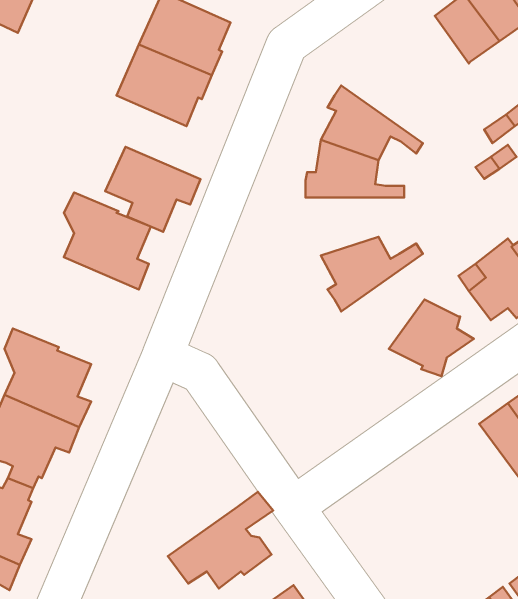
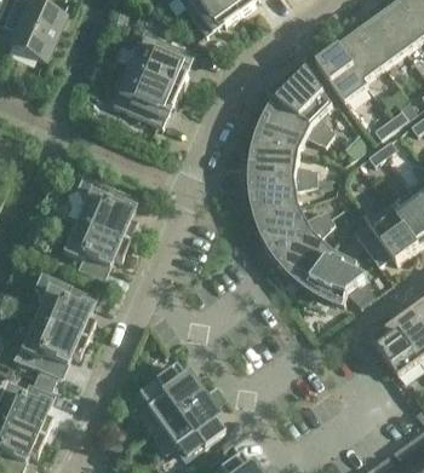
building: none -> [315,46,367,100]
building: none -> [271,68,334,137]
building: [105,147,200,232] -> [59,218,127,278]
building: none -> [246,175,316,217]
building: none -> [271,215,334,283]
building: none -> [134,362,197,431]

